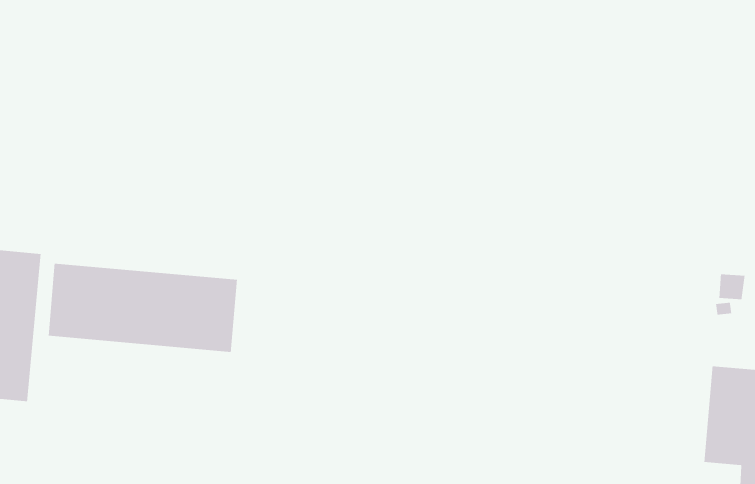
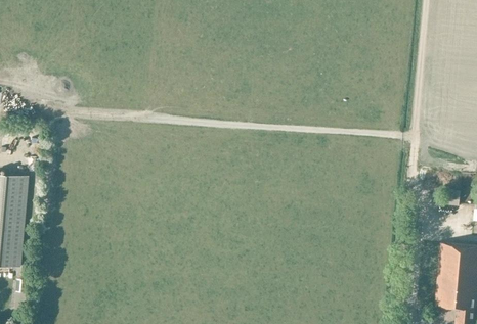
building: [48,263,238,353] -> none

